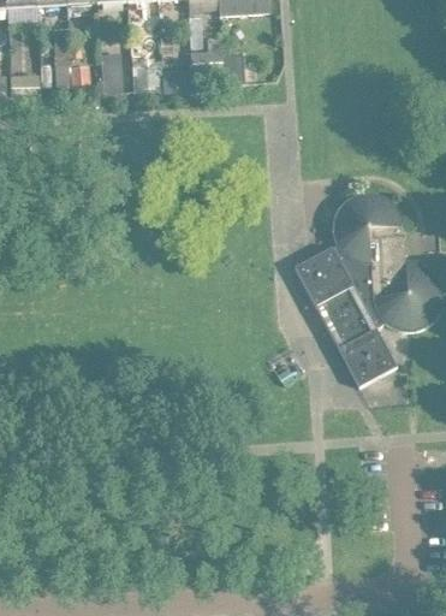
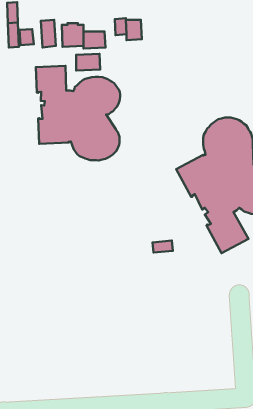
building: none -> [76,54,100,71]
building: none -> [36,66,120,160]

